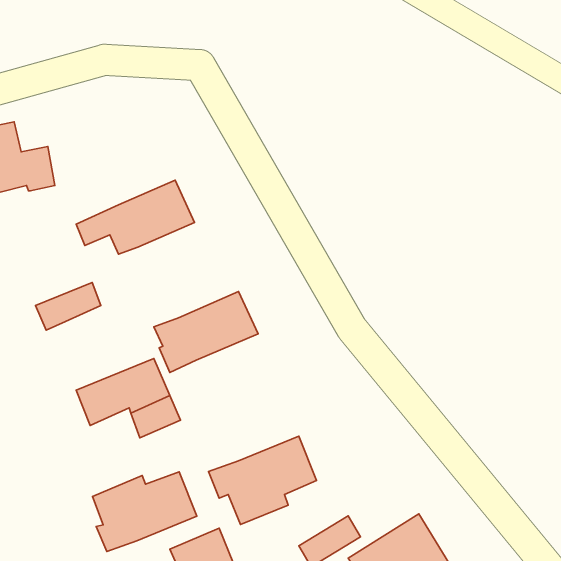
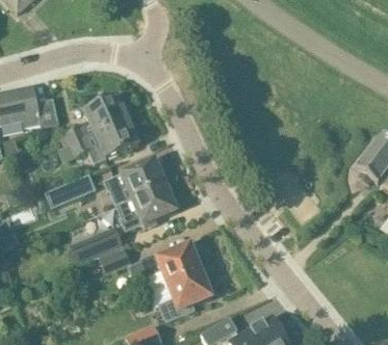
building: none -> [63,94,128,144]
building: none -> [103,159,165,206]
building: [93,472,197,551] -> [139,243,201,290]

